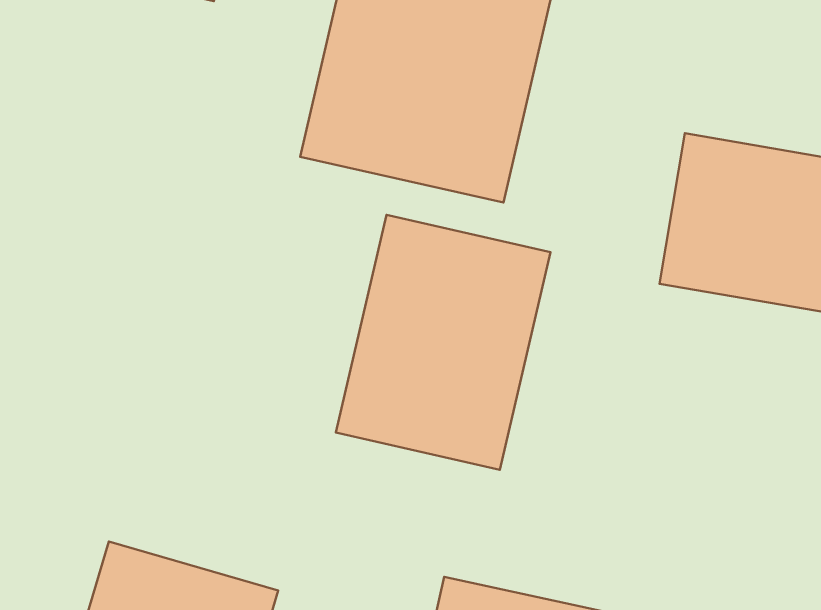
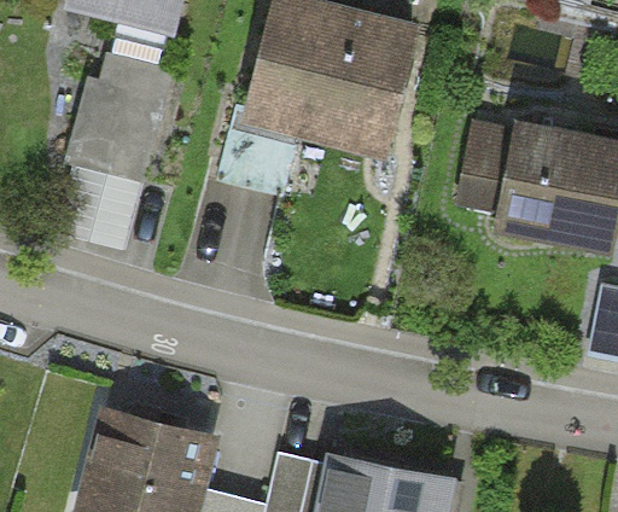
building: none -> [66,57,179,198]
building: [336,215,551,470] -> none

